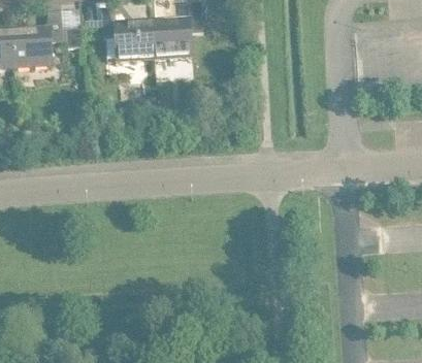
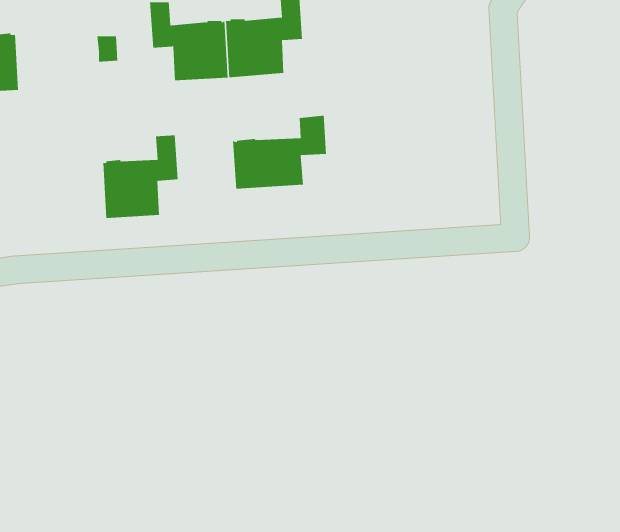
building: [12,11,63,67] -> [102,135,178,218]
building: none -> [232,115,326,190]

